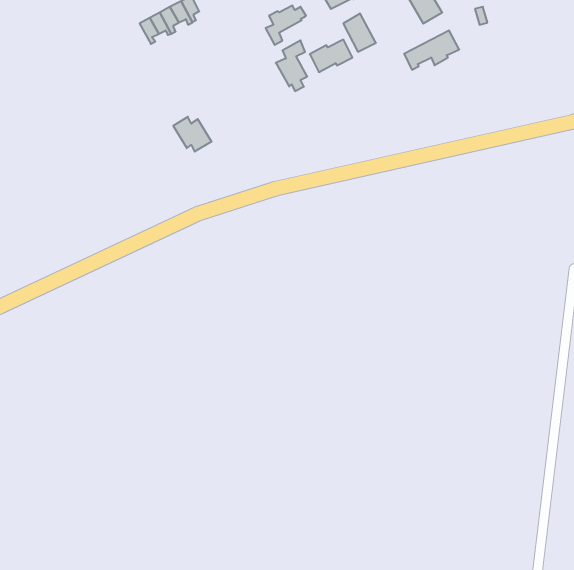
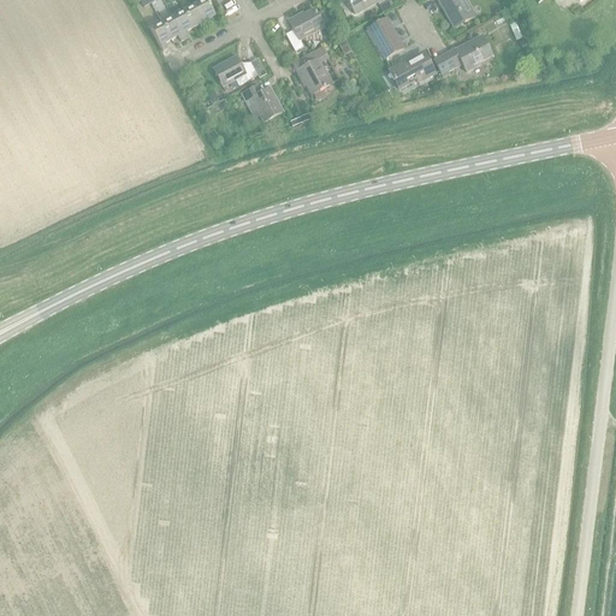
building: [310,40,352,72] -> [387,52,433,87]
building: none -> [212,54,256,83]
building: [173,117,212,152] -> [241,82,282,119]

